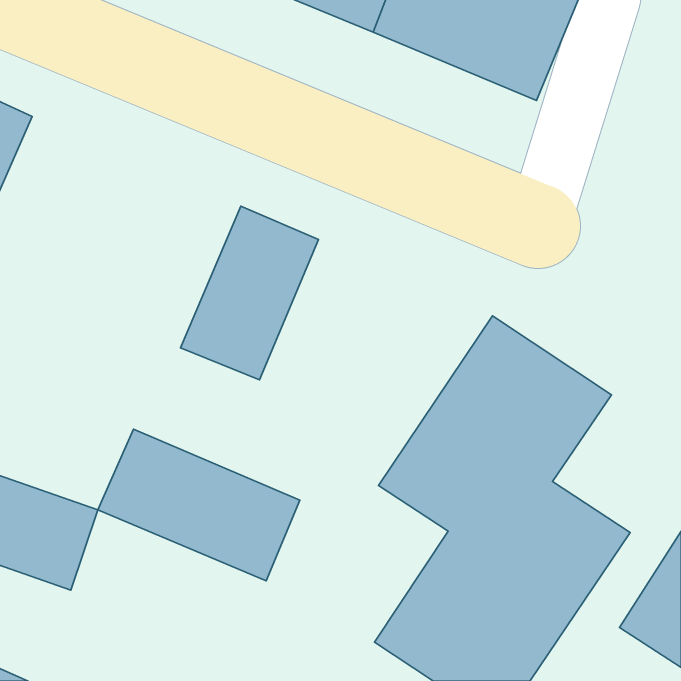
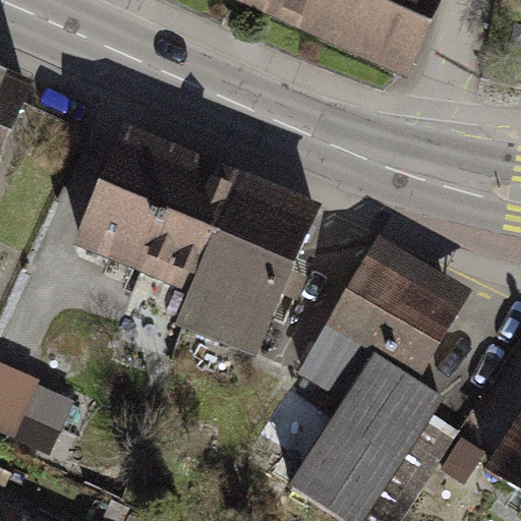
building: none -> [80,132,183,265]
building: none -> [196,182,314,350]
building: [98,429,300,581] -> none

